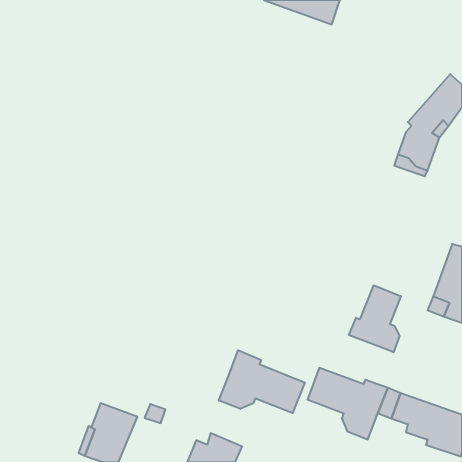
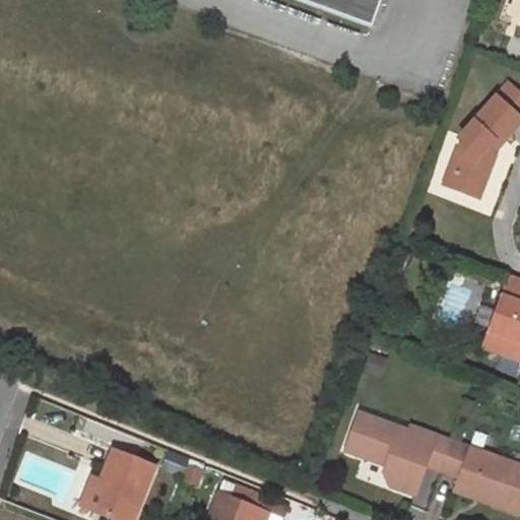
building: [349,285,401,352] -> none
building: [219,350,305,413] -> none

